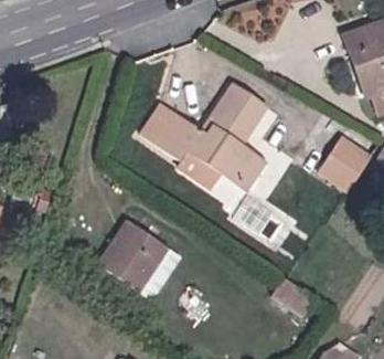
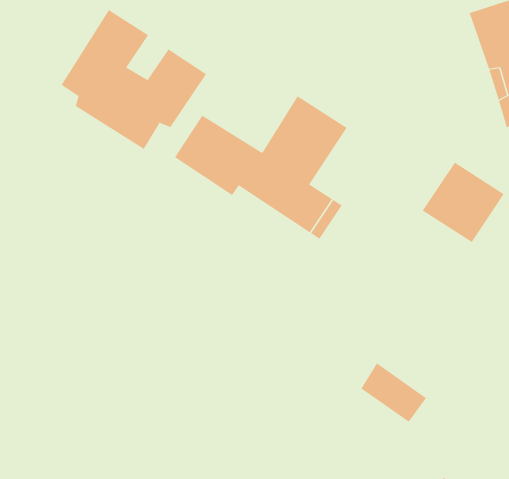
building: none -> [61,9,207,150]
building: [96,218,177,295] -> none

